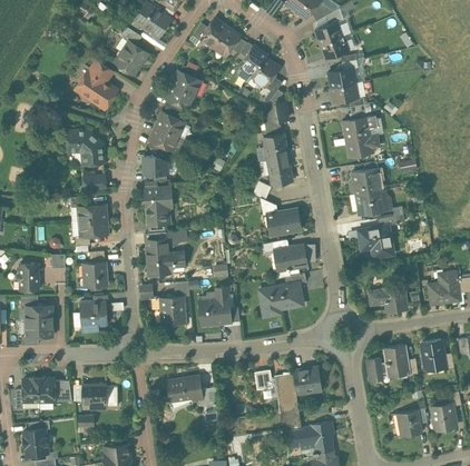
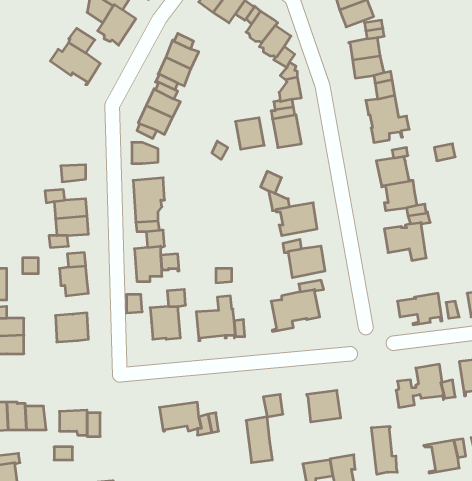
building: [66,130,104,166] -> none
building: [267,159,292,186] -> [235,118,264,149]
building: [275,374,297,413] -> [246,417,272,463]
building: none -> [371,426,397,474]

